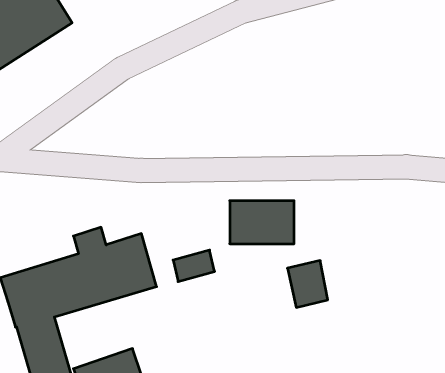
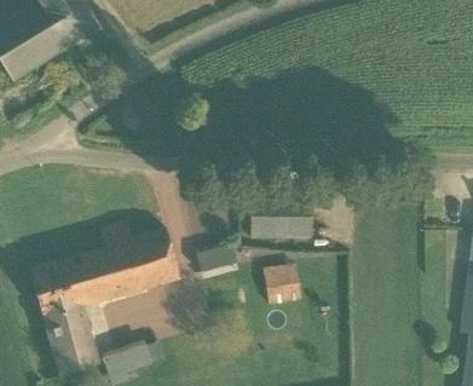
building: [287,261,328,307] -> [261,261,300,306]

